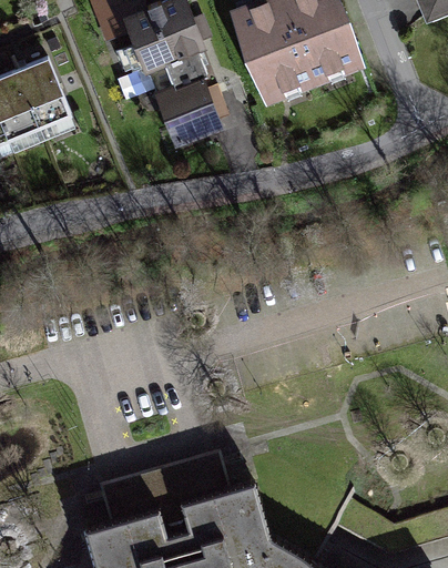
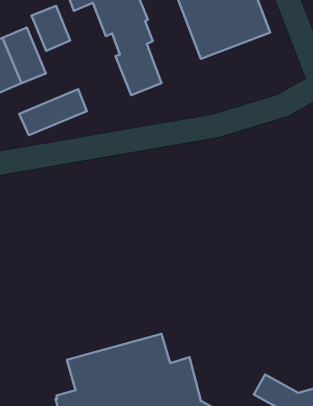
building: none -> [32,6,70,51]
building: none -> [19,89,87,135]

